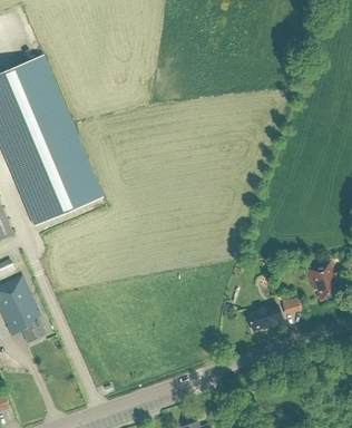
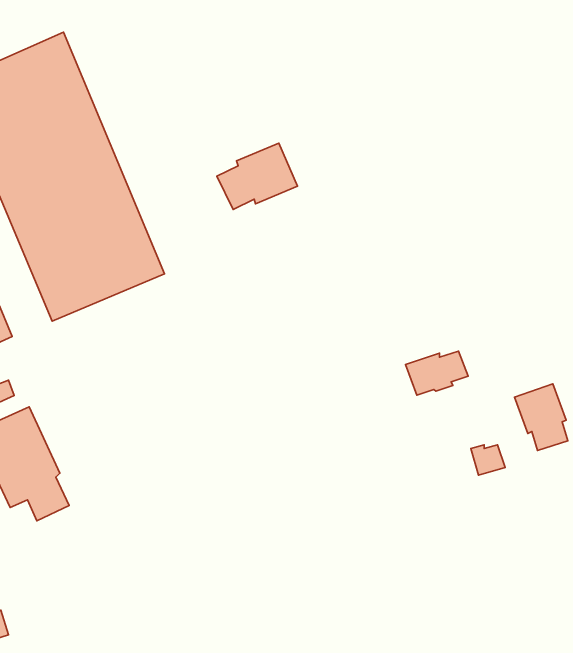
building: none -> [217,143,298,210]
building: [246,305,283,331] -> [405,351,468,395]

